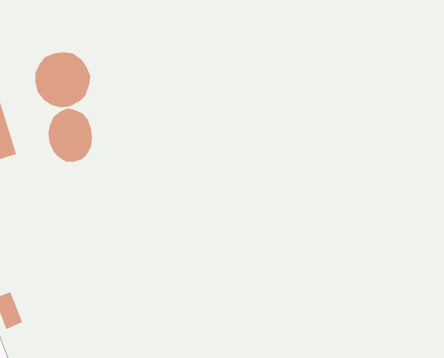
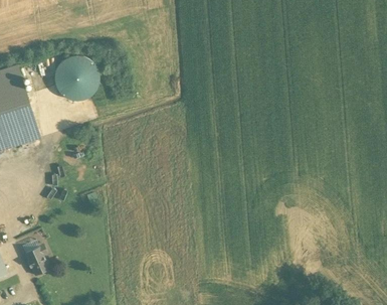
building: [48,107,93,162] -> none

